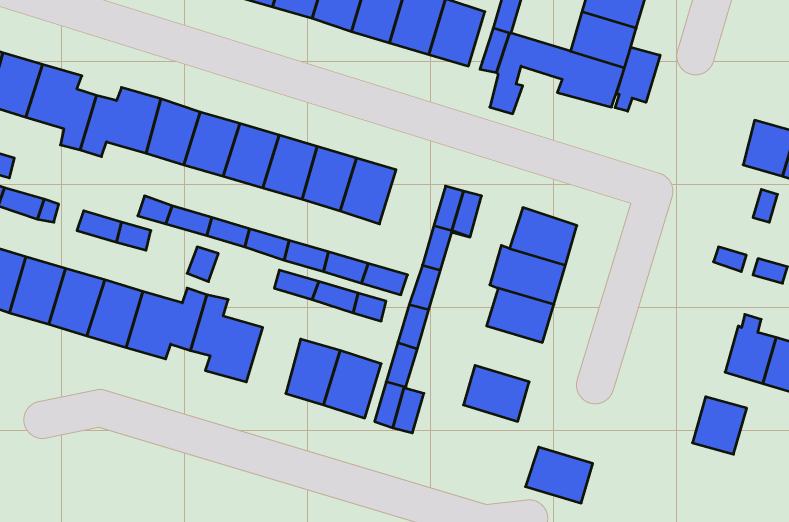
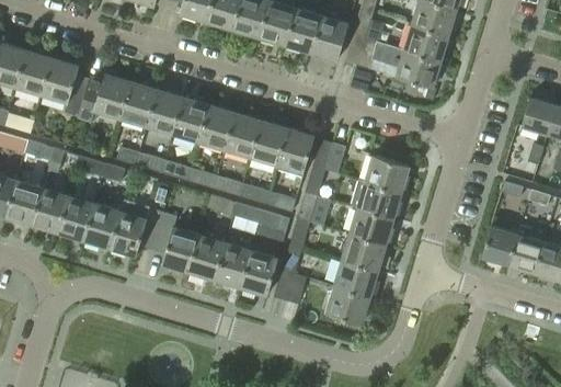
building: [615,47,660,111] -> none
building: none -> [277,129,314,173]
building: none -> [341,234,386,271]
building: none -> [188,235,225,278]
building: [692,397,747,454] -> [480,226,516,264]
building: [525,447,593,503] -> [324,286,369,323]

